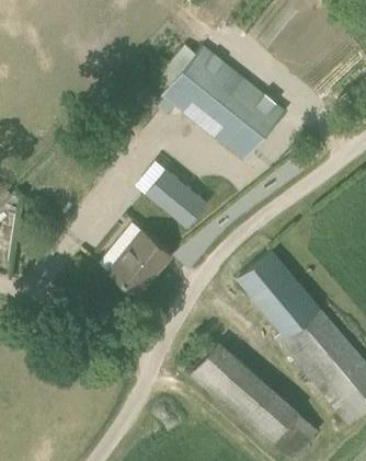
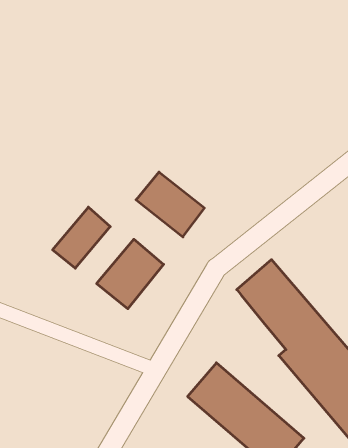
building: [164,46,286,162] -> none
building: none -> [53,207,110,268]

